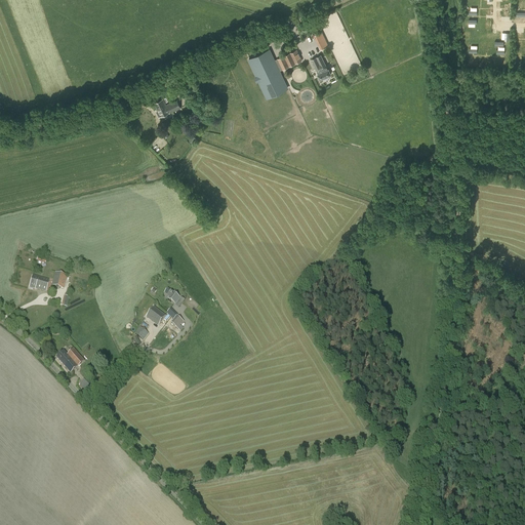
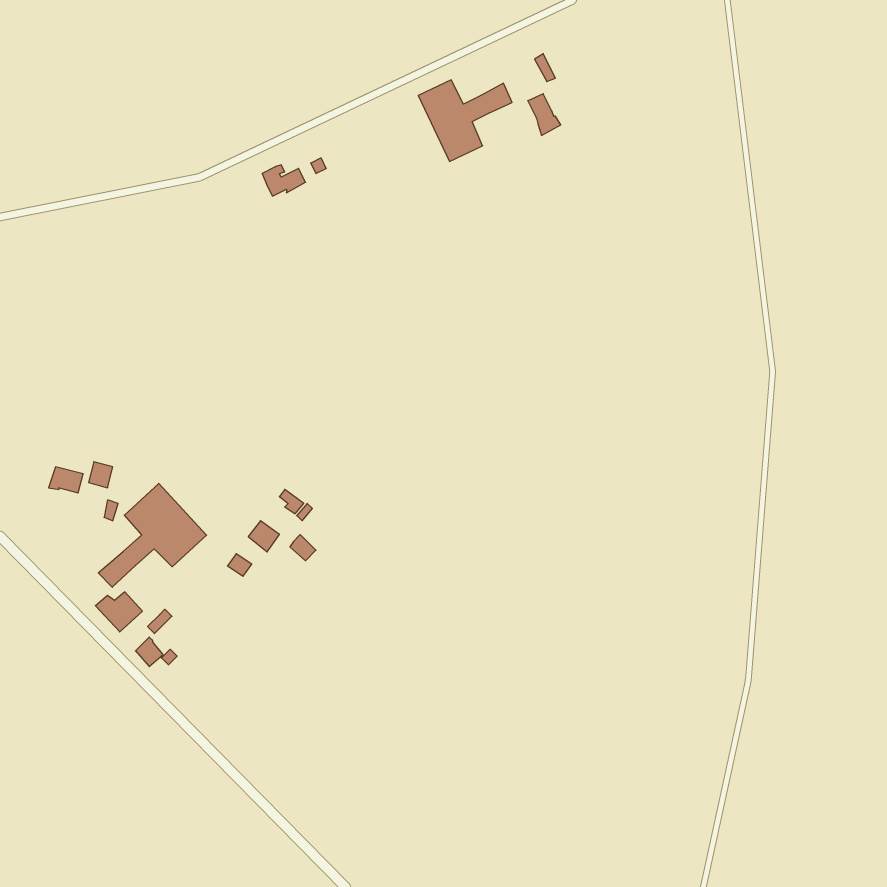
building: none -> [98,483,207,587]

